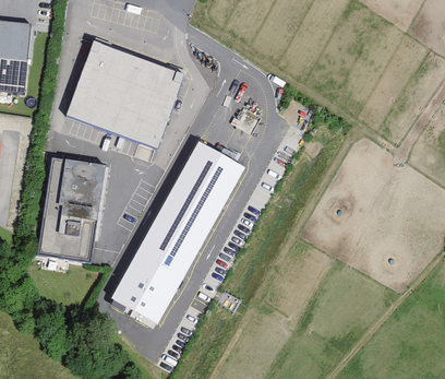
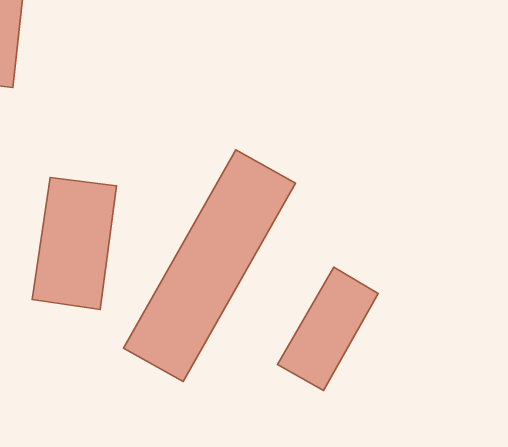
building: [65,43,183,149] -> none
building: none -> [278,267,378,391]

